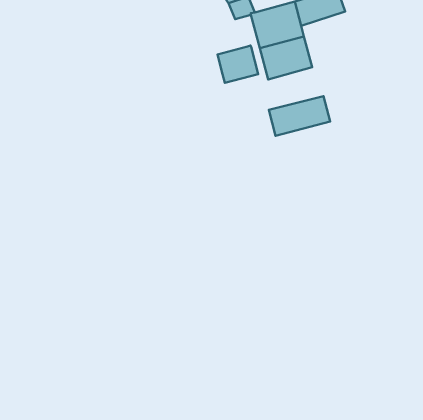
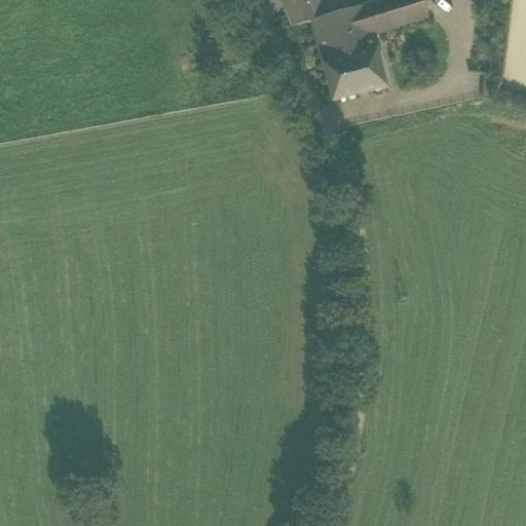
building: [217,46,258,83] -> none
building: [269,96,330,136] -> none

